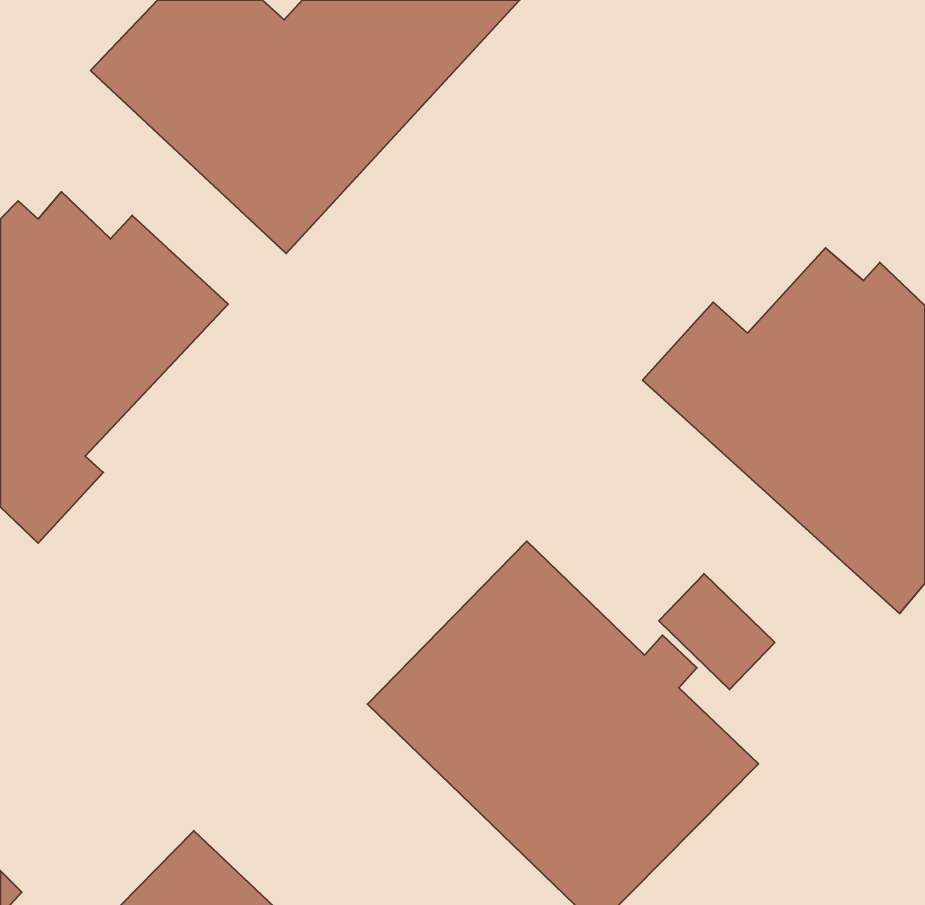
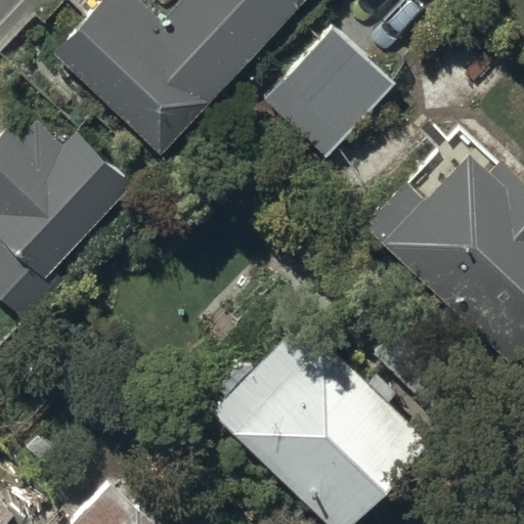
building: none -> [265,32,390,159]

